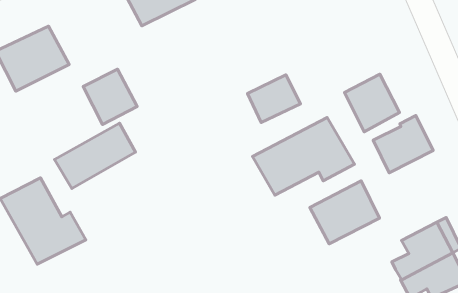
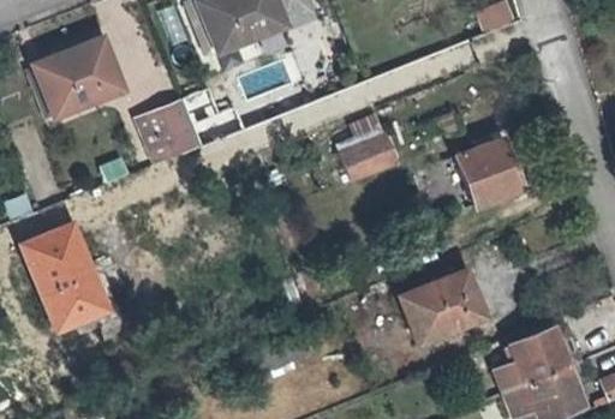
building: [373,116,433,173] -> none
building: [253,118,355,195] -> none
building: [54,123,135,188] -> none

